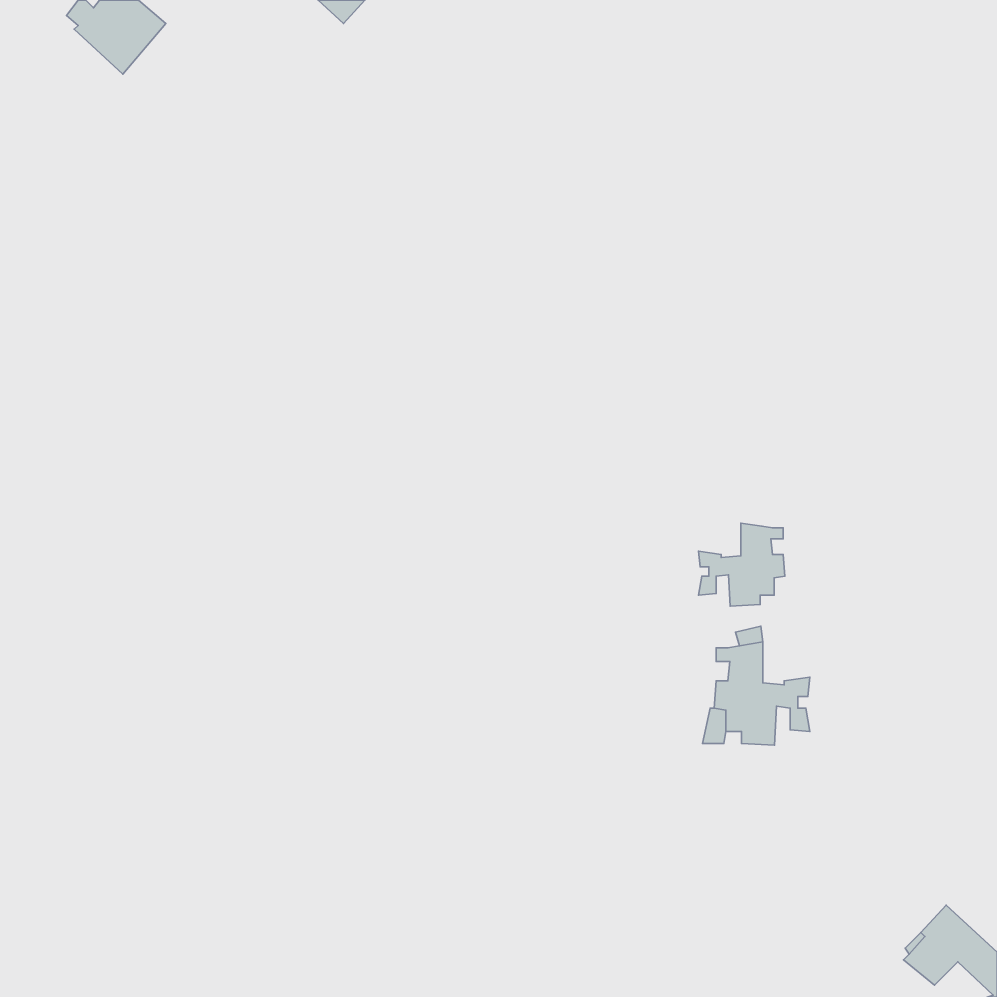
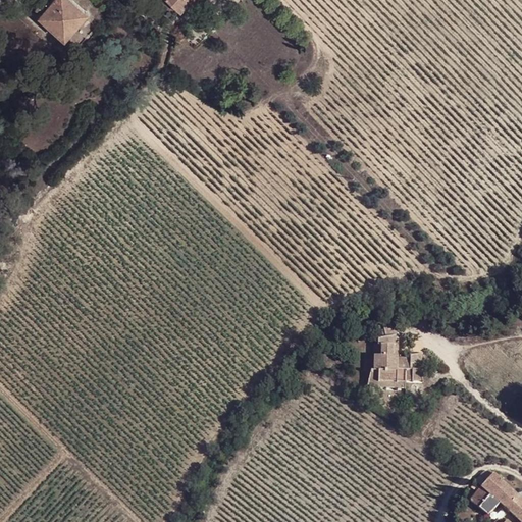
building: [698,523,785,606] -> none

